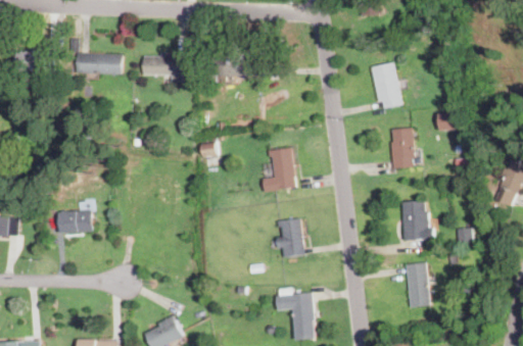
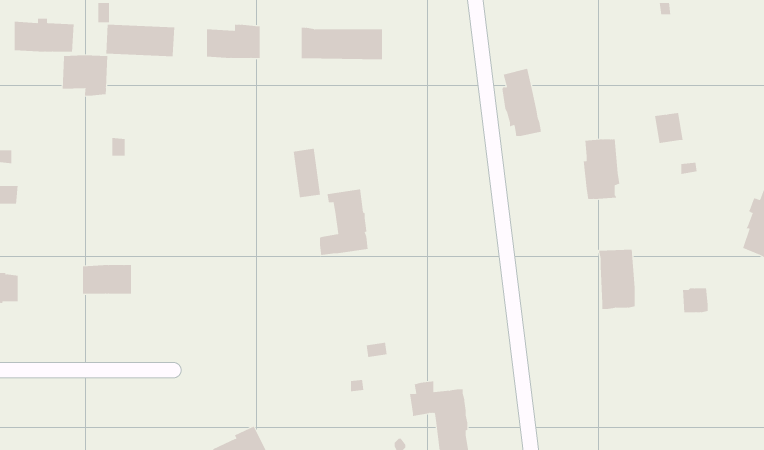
building: [373,62,399,108] -> [501,68,542,138]
building: none -> [62,55,108,96]
building: [263,147,295,191] -> [319,189,369,256]
building: [277,217,303,256] -> none
building: [406,260,431,307] -> none

